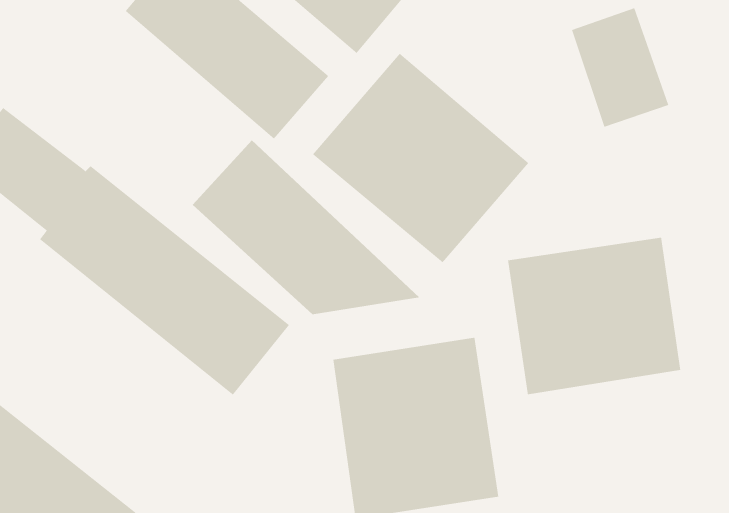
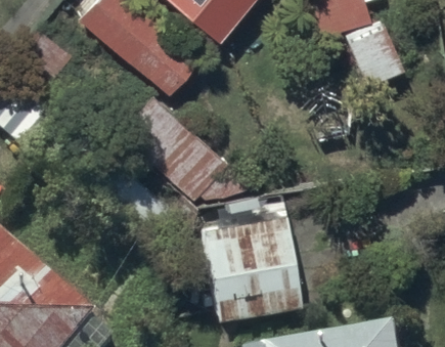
building: [312,53,529,263] -> none
building: [508,237,681,395] -> none

